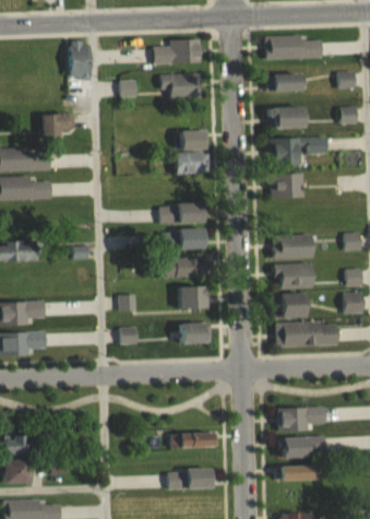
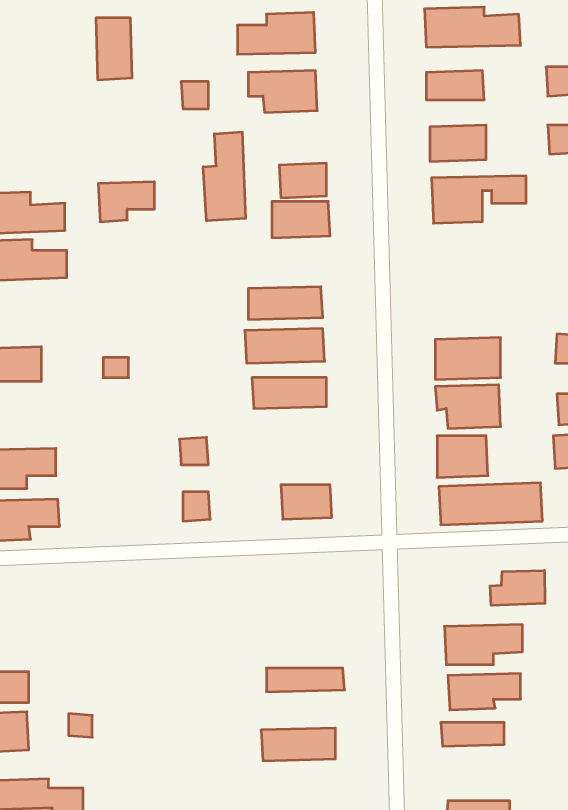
building: none -> [203,132,246,221]
building: [41,113,75,137] -> [98,182,154,222]
building: [271,173,303,198] -> none
building: [179,285,210,308] -> none
building: none -> [490,570,545,605]

